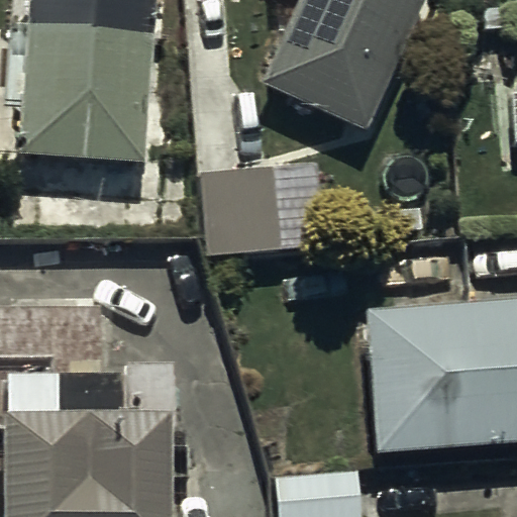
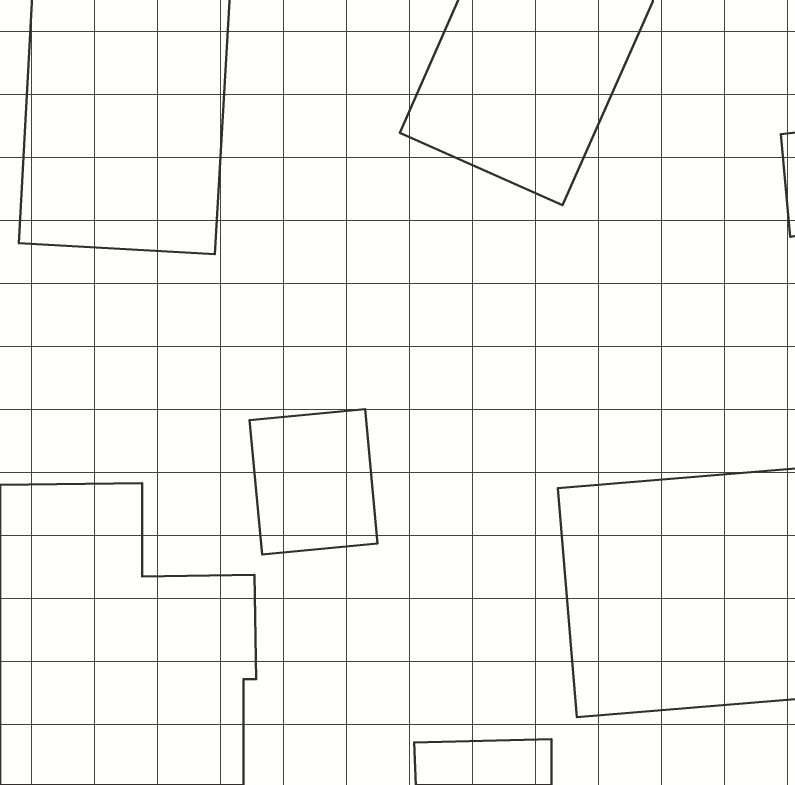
building: [201,166,283,258] -> [250,409,378,555]

